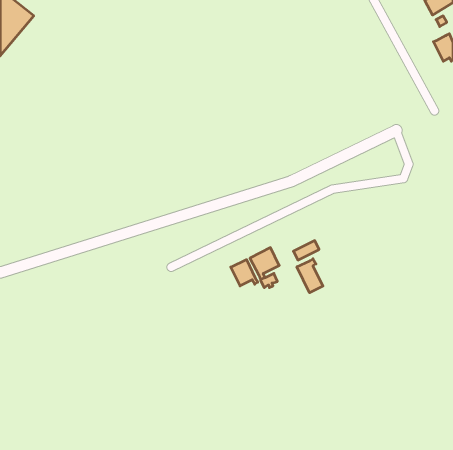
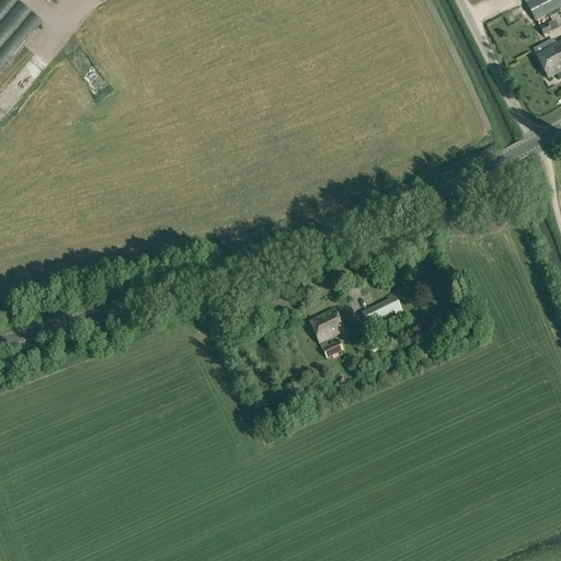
building: [297,259,323,293] -> none
building: [231,260,258,286] -> none

